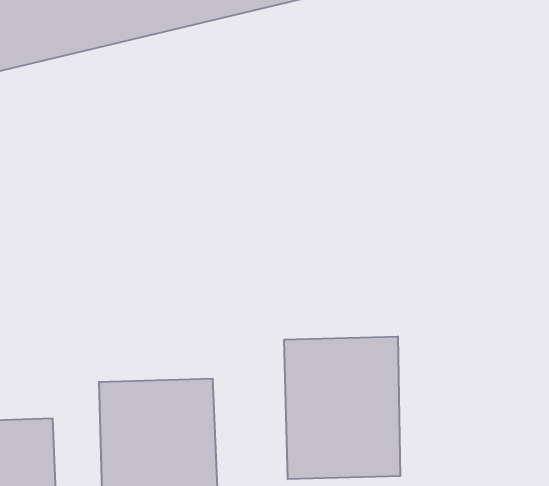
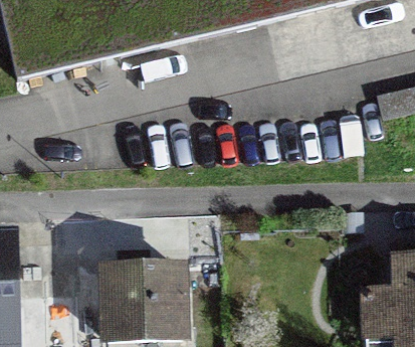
building: [284,336,400,479] -> none

